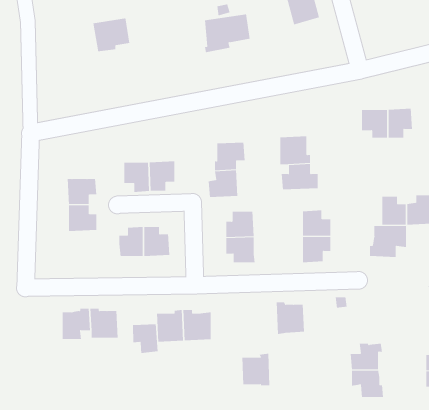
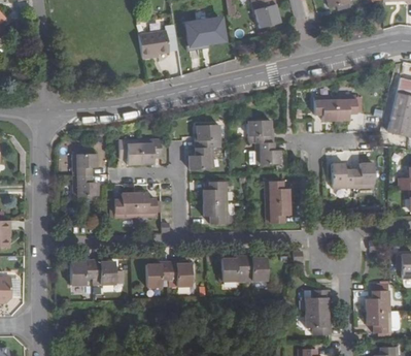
building: [92,18,130,52] -> [138,31,169,59]
building: [369,225,407,258] -> none
building: [133,323,158,354] -> none
building: [241,353,270,386] -> [221,255,245,282]

